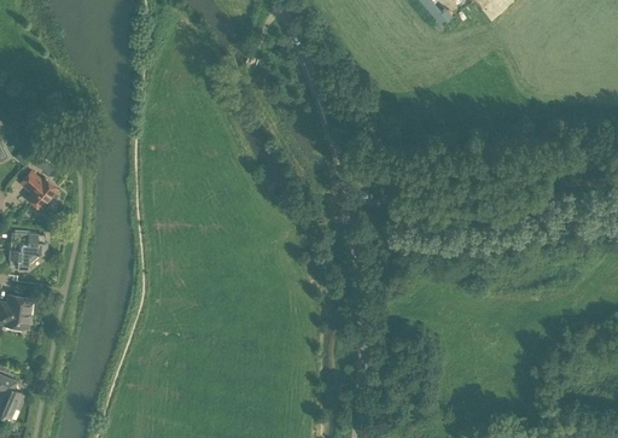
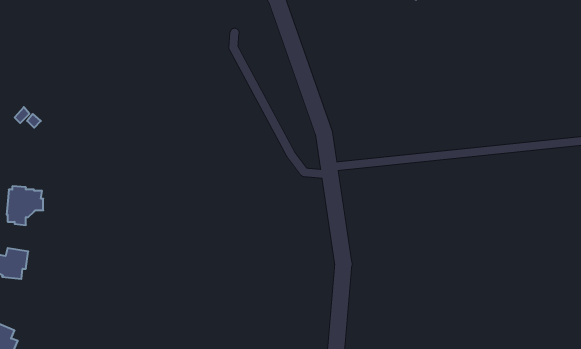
building: [21,171,57,210] -> none

